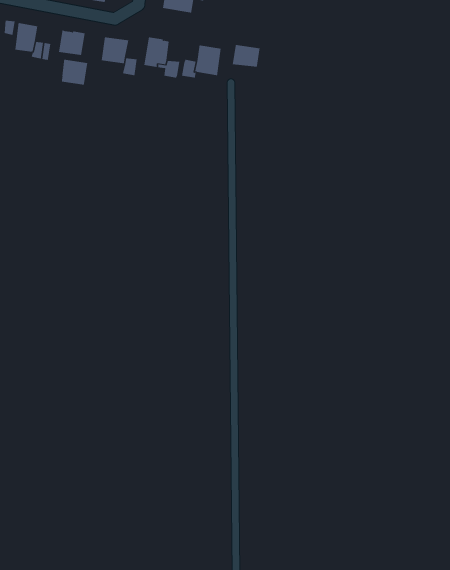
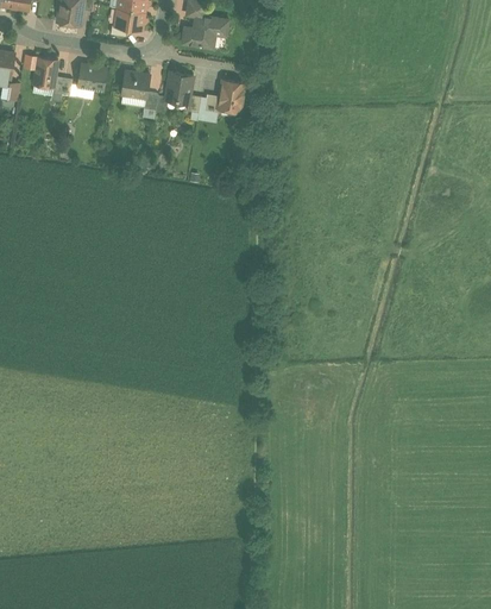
building: [232,44,260,68] -> none
building: [61,59,88,86] -> none

